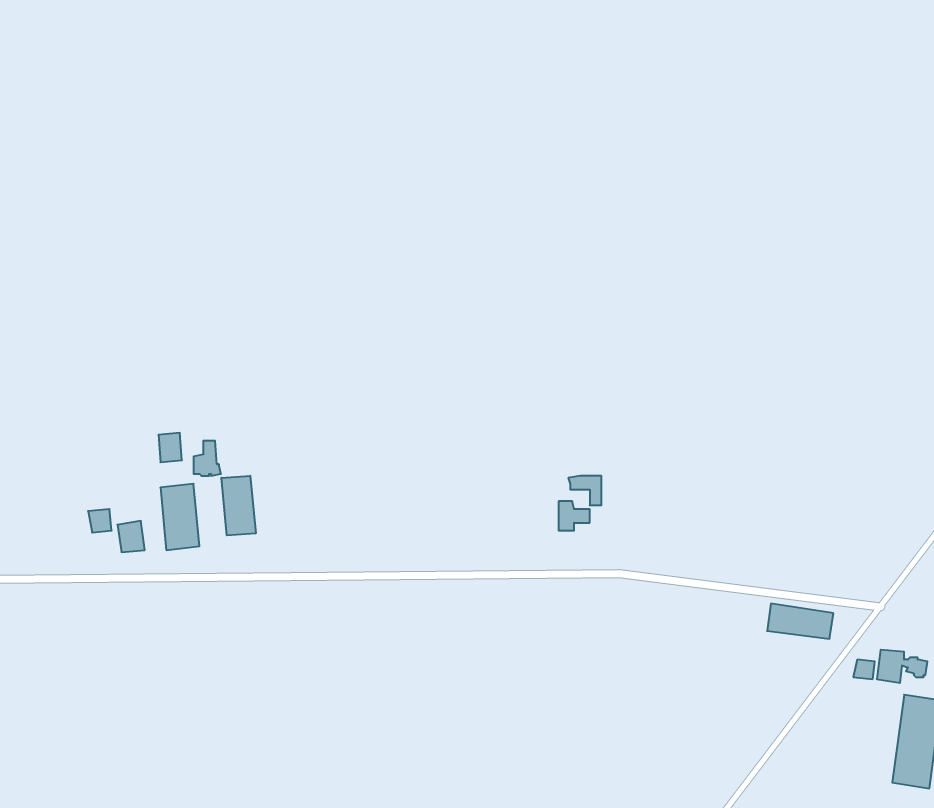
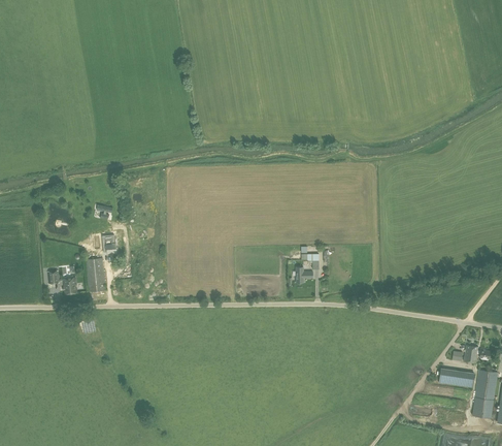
building: [221,476,256,535] -> none
building: [767,604,833,639] -> [439,368,474,386]

